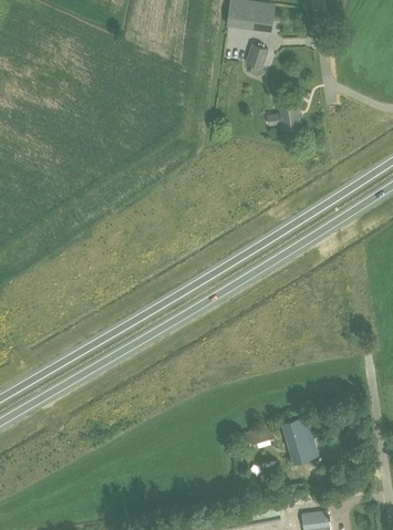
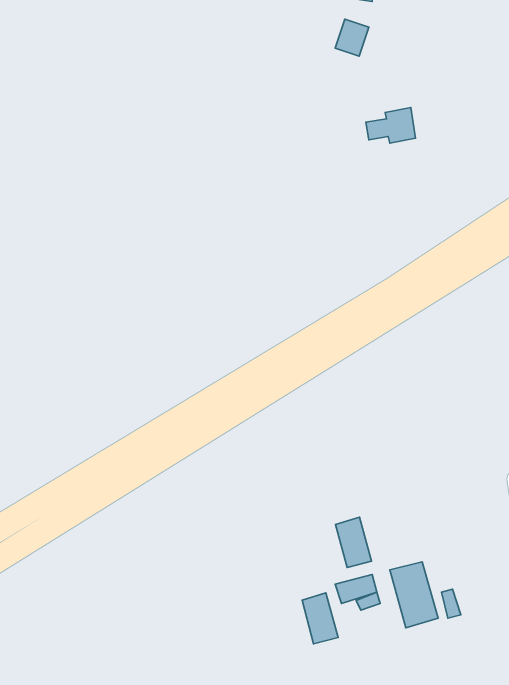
building: none -> [336,517,372,567]
building: none -> [302,593,338,644]

